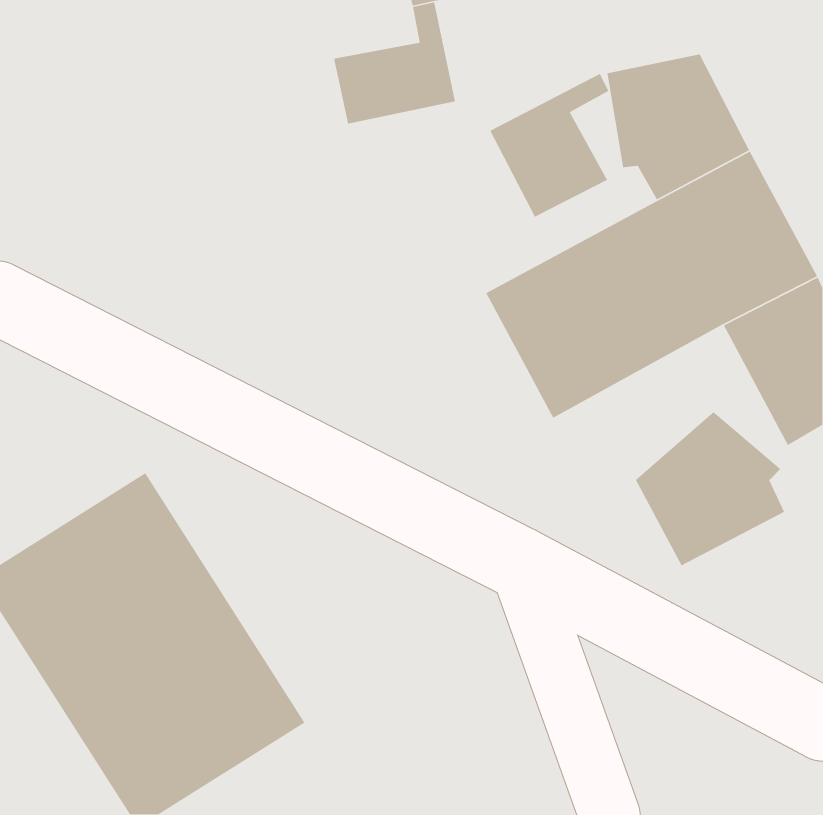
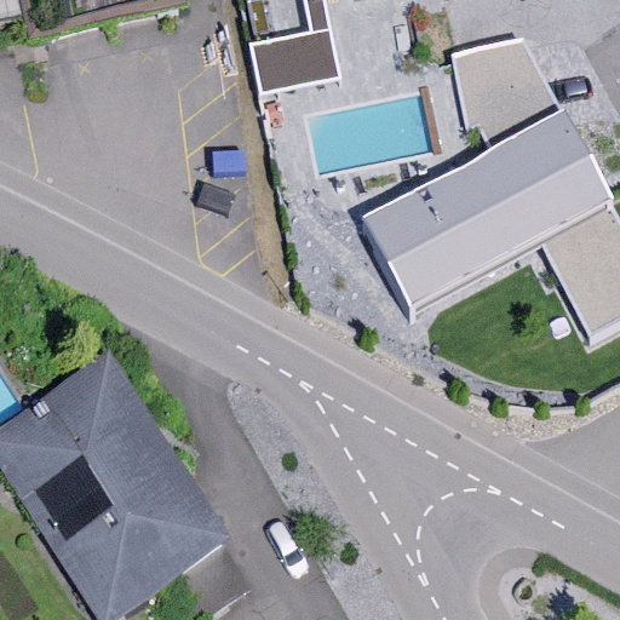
building: [489,73,609,218] -> none
building: [635,411,785,566] -> none

